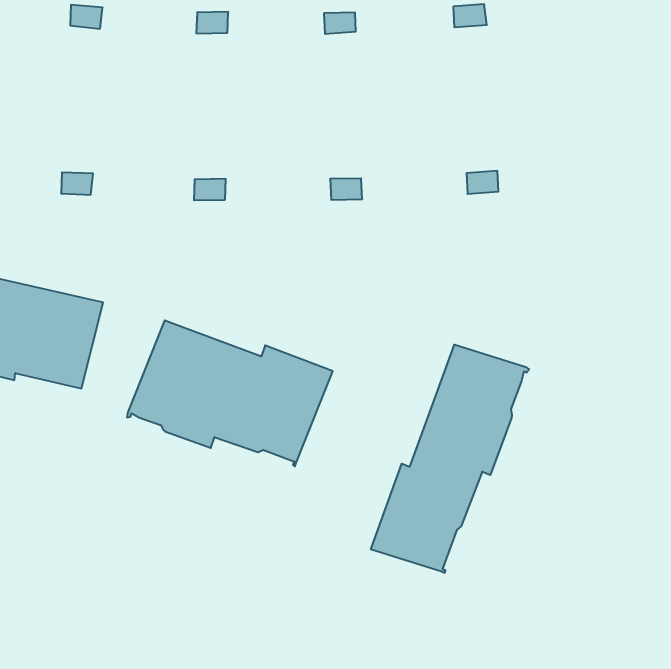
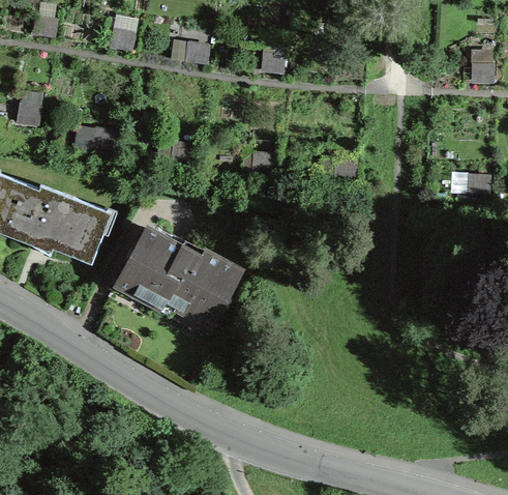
building: [371,345,529,573] -> none

